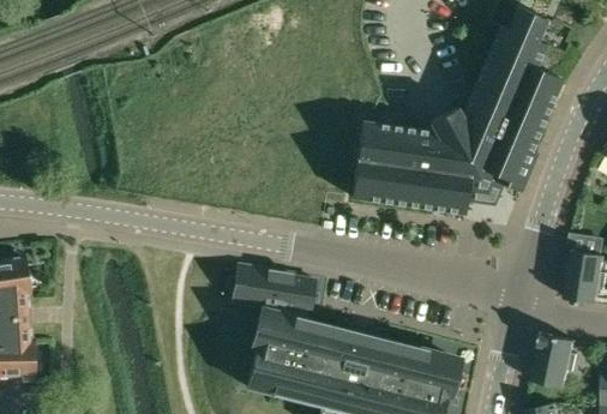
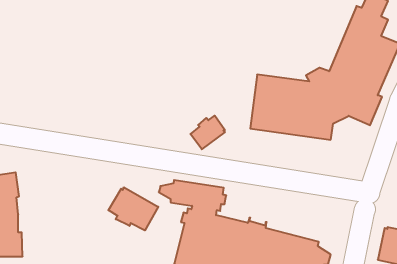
building: none -> [190,116,225,149]
building: none -> [108,187,158,230]

